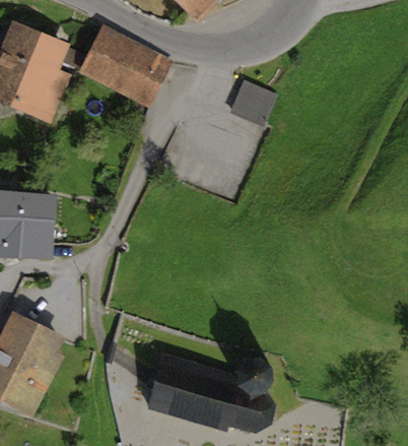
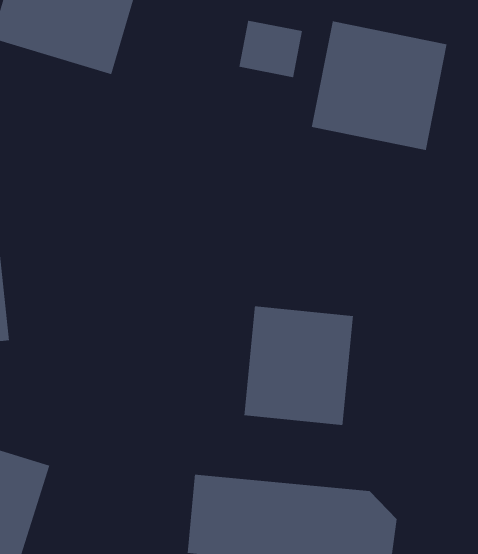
building: none -> [311,21,447,151]
building: none -> [244,306,353,426]

